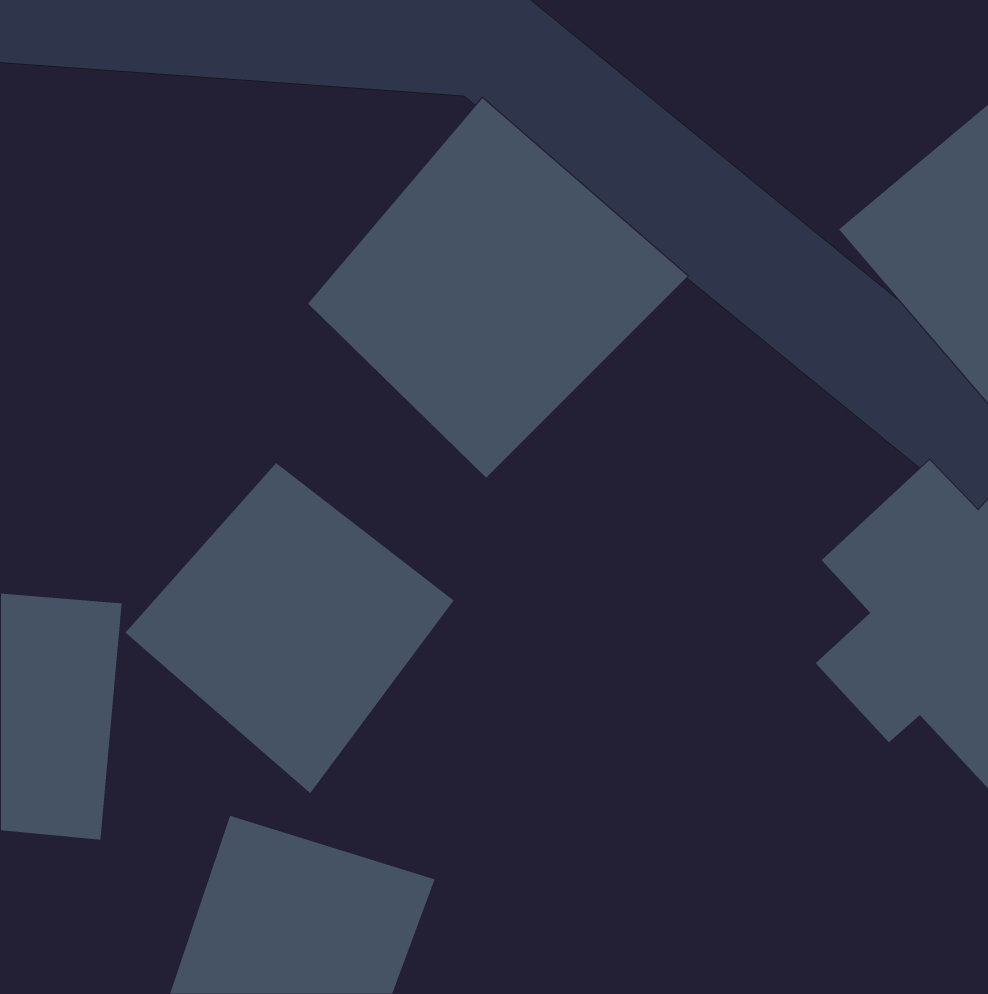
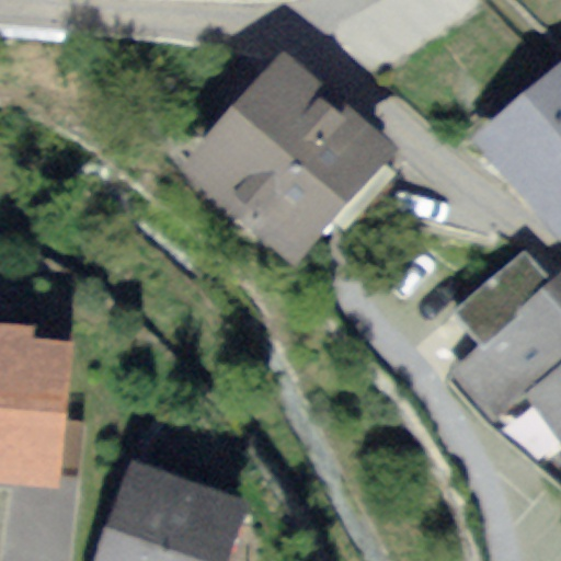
building: [124,462,454,794] -> none

